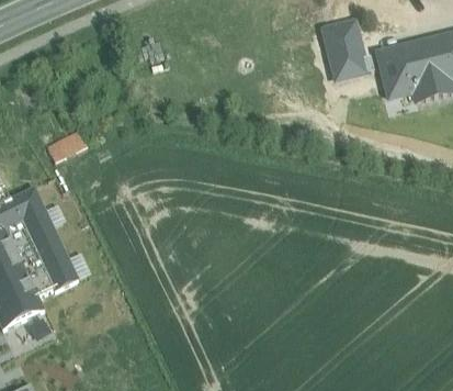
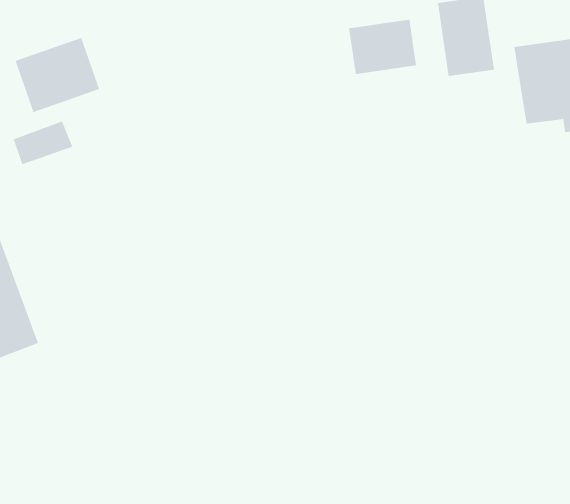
building: none -> [349,19,417,75]
building: none -> [15,37,100,113]

